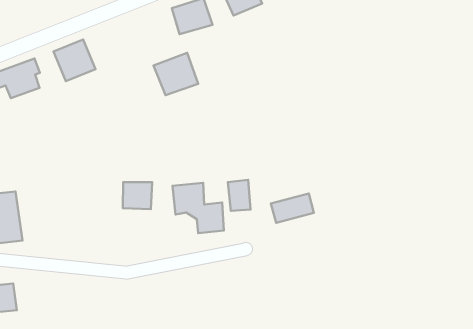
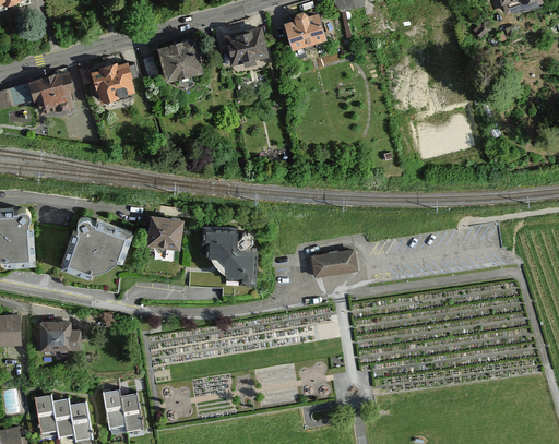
building: [153,53,198,95] -> [155,36,202,80]
building: [228,180,251,211] -> none
building: none -> [60,218,131,278]
building: none -> [33,323,82,351]

